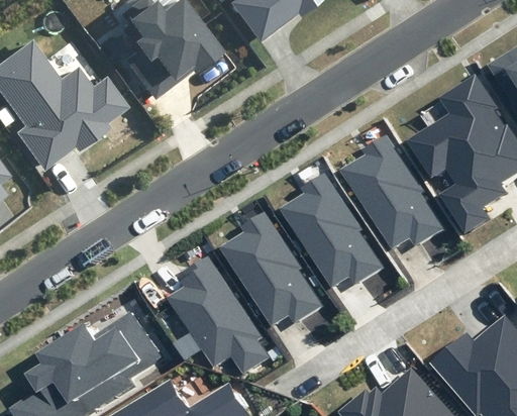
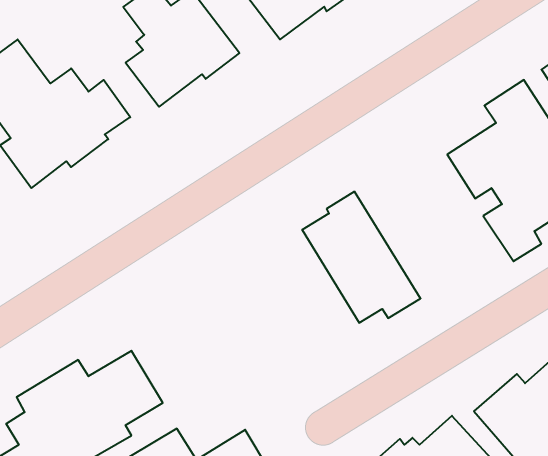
building: [340,136,442,250] -> none
building: [220,212,323,326] -> none
building: [167,254,269,374] -> none

